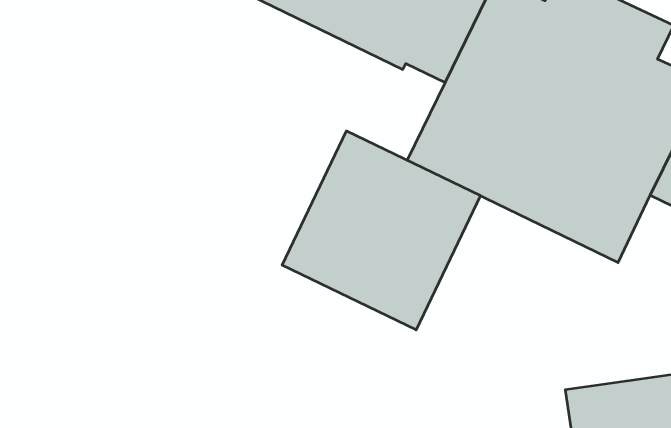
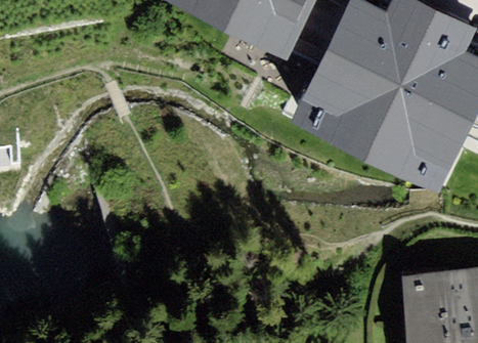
building: [282,131,480,330] -> none

